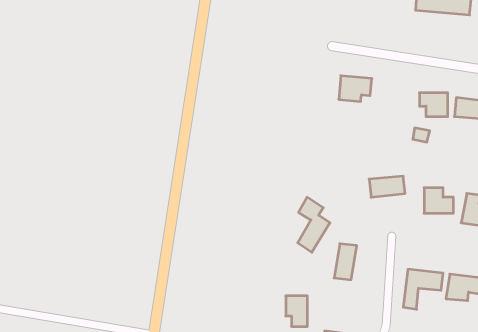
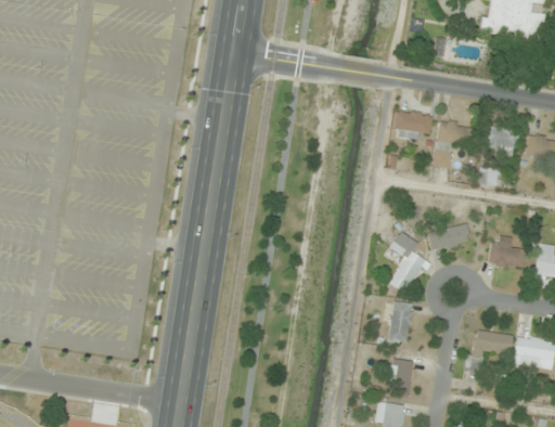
building: none -> [436,121,473,168]
building: [298,197,330,252] -> [389,231,426,294]
building: [286,296,307,326] -> [387,360,412,394]

